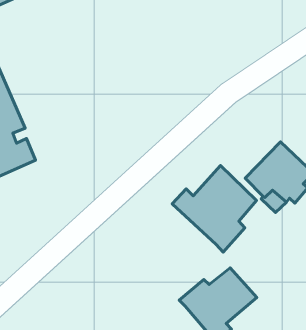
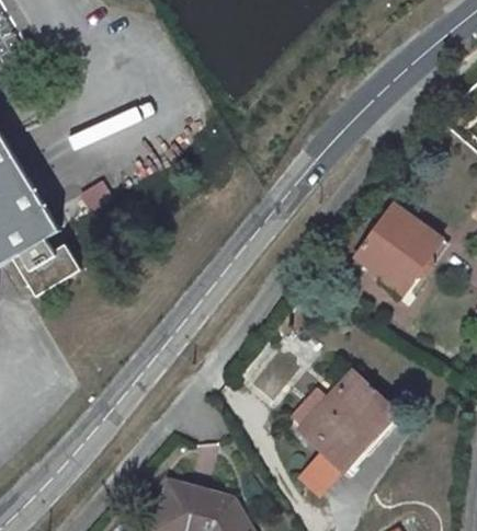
building: [172,166,257,252] -> none

